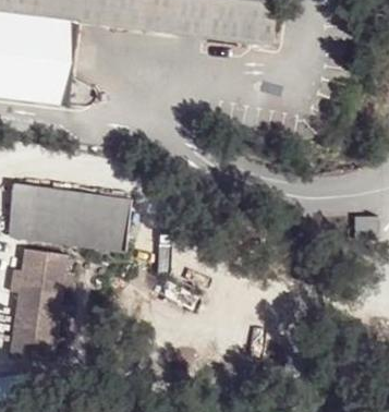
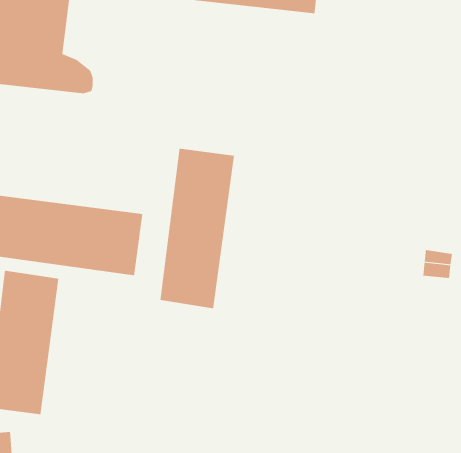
building: none -> [160,148,235,309]

